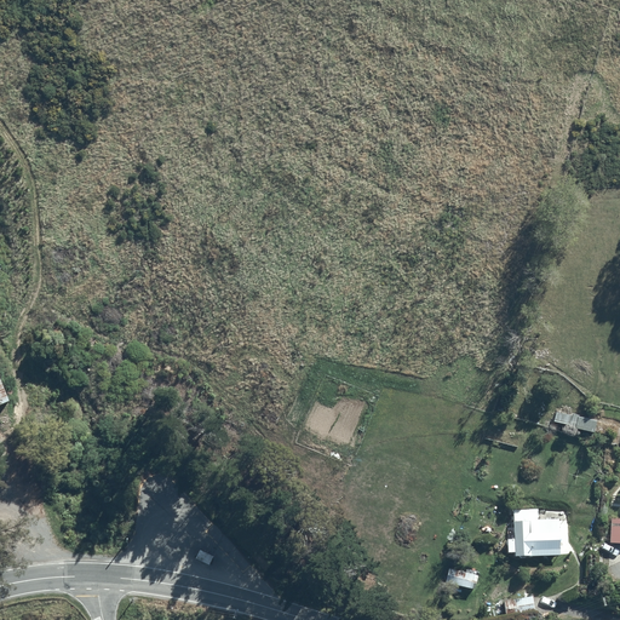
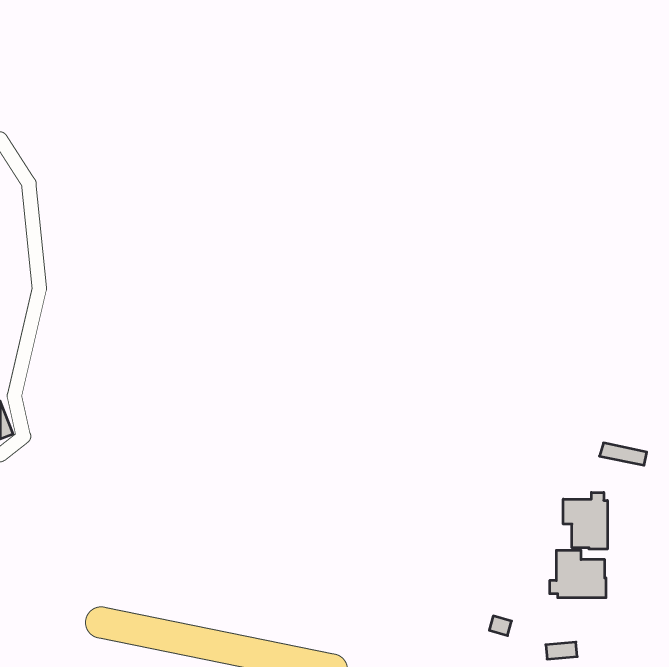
building: none -> [563,492,607,549]

